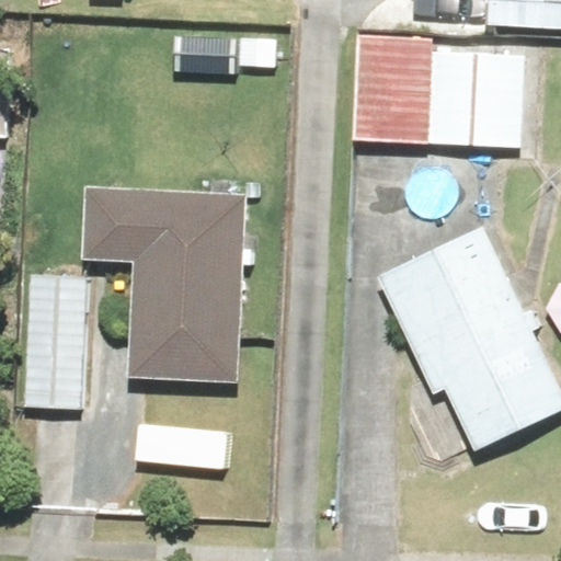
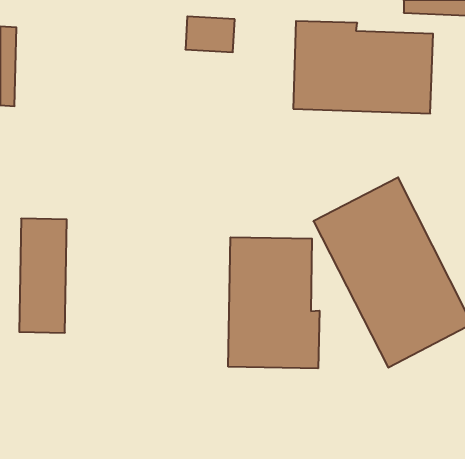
building: [88,192,244,385] -> none
building: none -> [228,237,319,368]

